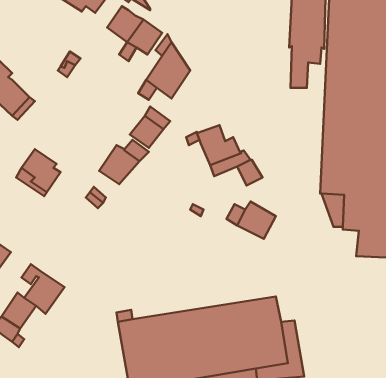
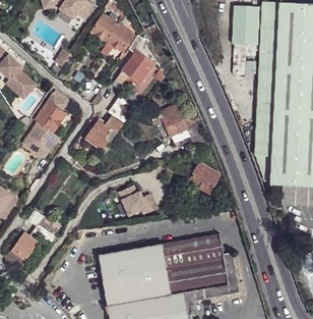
building: none -> [35,89,70,134]
building: none -> [120,184,159,214]

